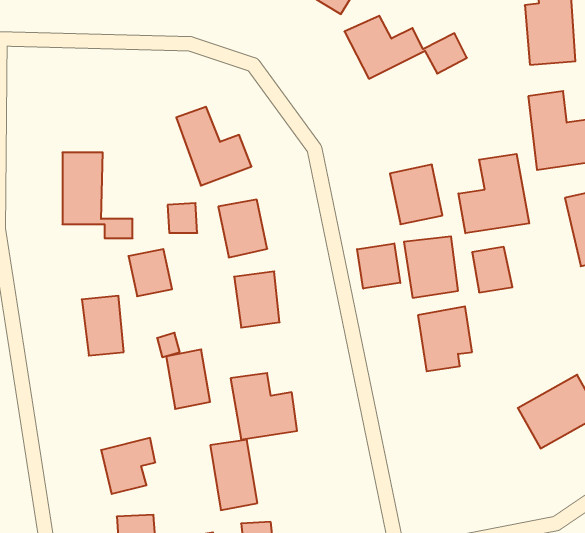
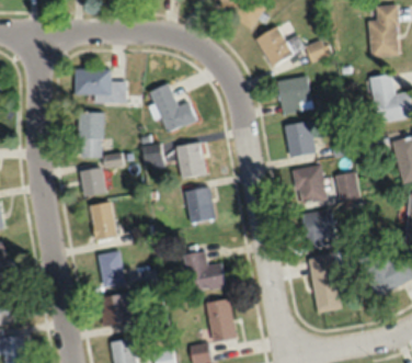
building: none -> [73,69,125,103]
building: none -> [276,75,312,113]
building: [458,154,529,233] -> none
building: [357,243,400,289] -> none
building: [128,249,172,296] -> [79,167,106,196]
building: [166,349,210,409] -> [98,249,125,286]
building: none -> [310,254,340,313]
building: [210,440,257,510] -> [206,298,236,342]

